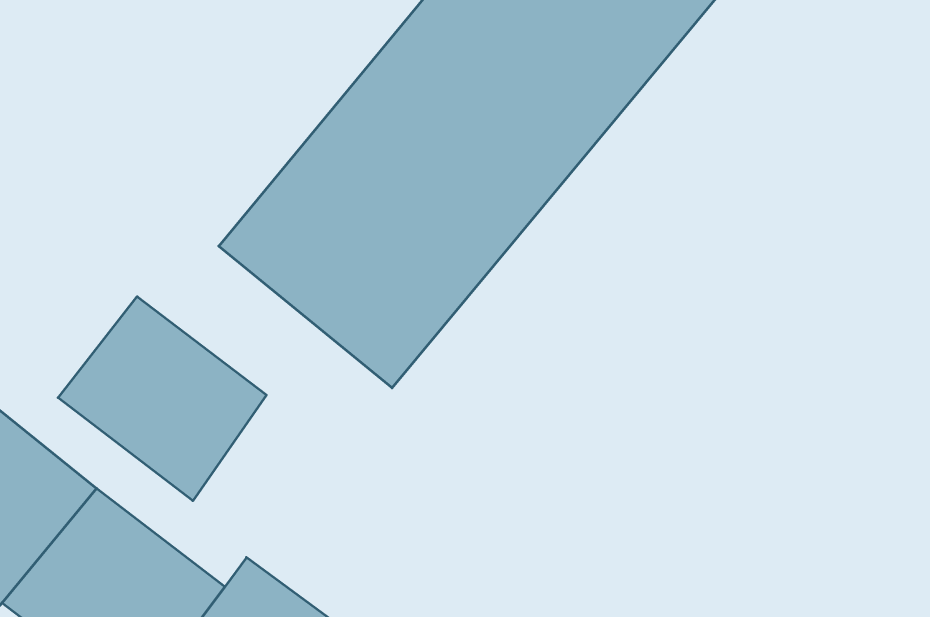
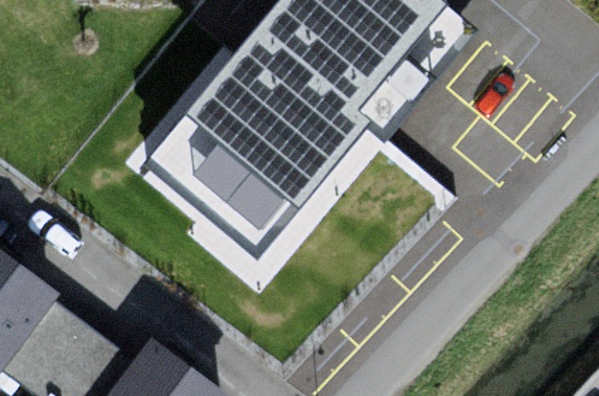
building: [58,297,266,501] -> none

